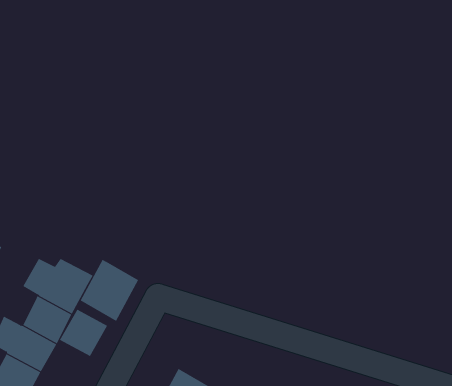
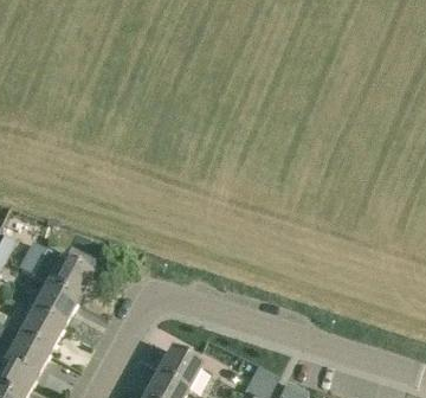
building: [80,259,139,322] -> none
building: [59,309,108,357] -> none

